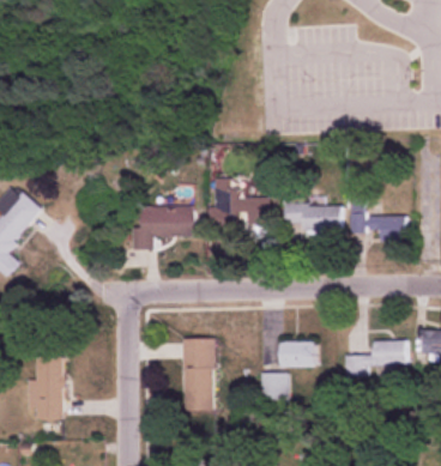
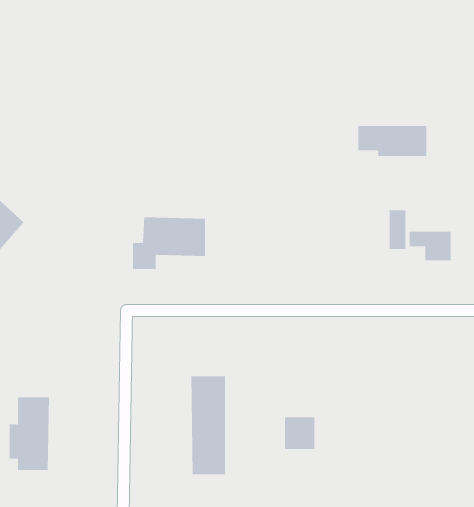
building: [212,186,268,224] -> none
building: [284,204,343,230] -> [358,125,427,157]
building: [279,340,314,367] -> none
building: [344,340,405,376] -> none

